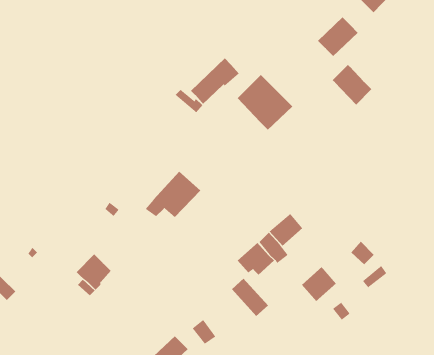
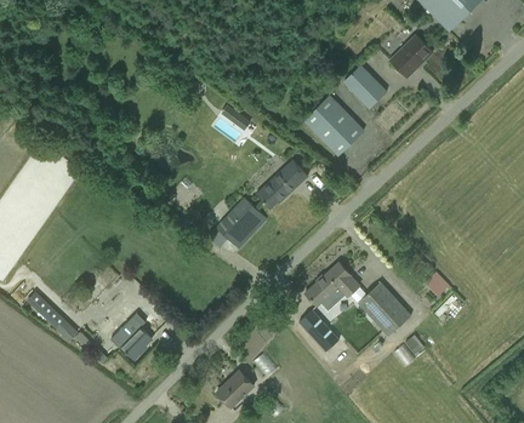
building: [190,57,240,105] -> [256,159,308,208]
building: [332,64,372,105] -> [343,64,386,108]
building: [269,213,303,247] -> [358,282,394,318]
building: [76,254,112,290] -> [114,320,152,359]

